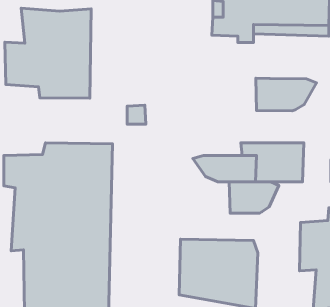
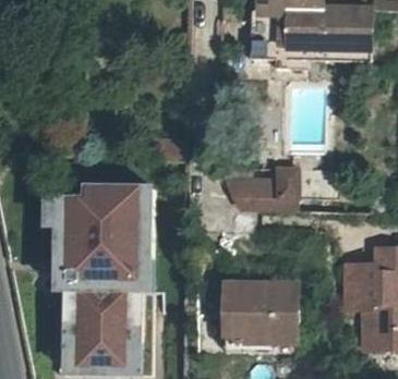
building: [5,8,91,98] -> none
building: [256,78,316,111] -> none
building: [229,182,279,213] -> none

